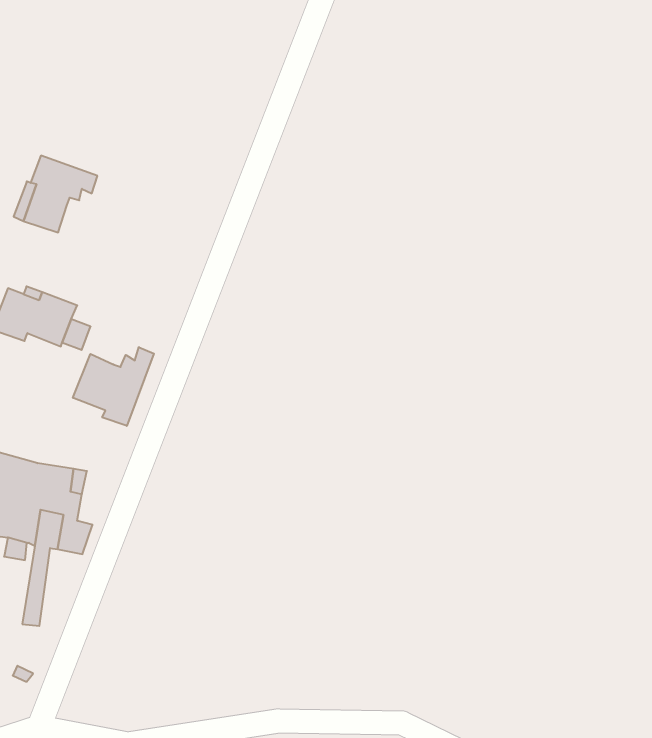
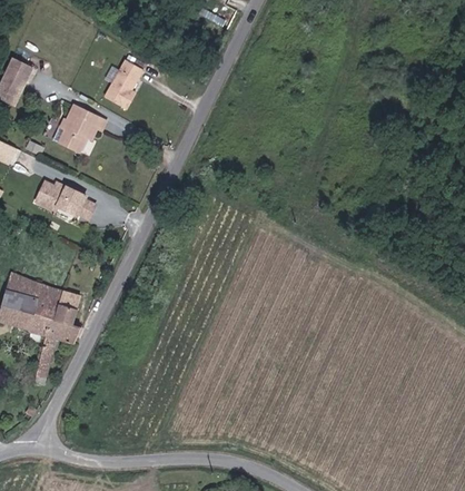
building: none -> [103,59,141,109]
building: [73,347,154,426] -> none

